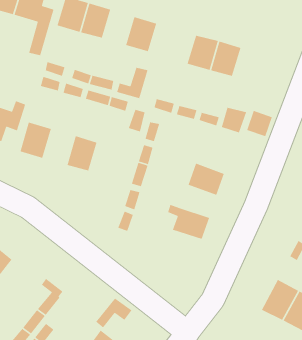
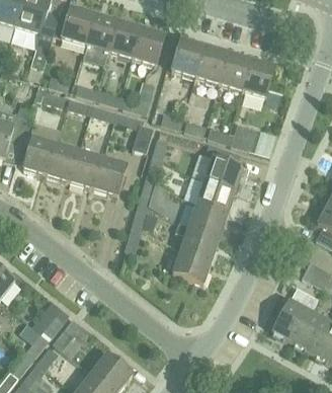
building: none -> [107,20,140,58]
building: none -> [171,40,203,77]
building: none -> [242,60,274,97]
building: none -> [203,142,242,190]
building: none -> [46,144,79,182]
building: none -> [93,158,127,195]
building: none -> [187,203,226,236]
building: none -> [171,249,211,283]
building: [95,297,132,329] -> [52,317,90,349]

